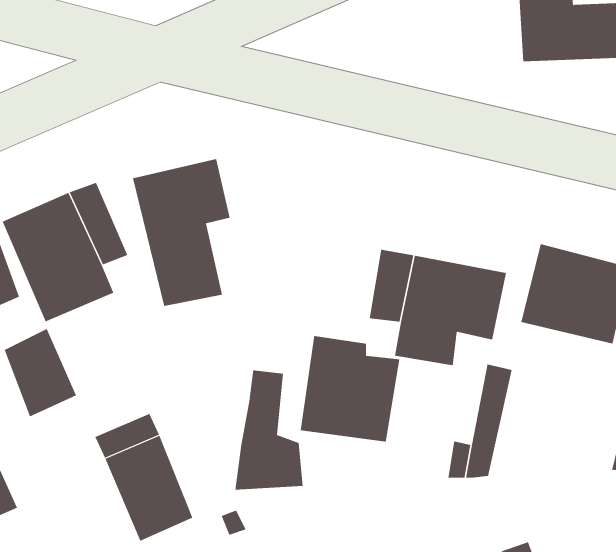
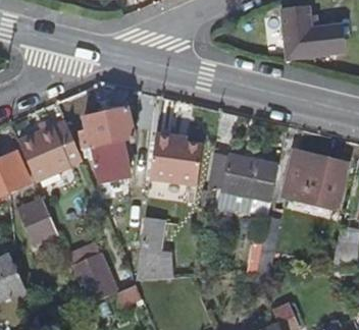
building: [300,336,400,442] -> [151,129,203,184]

